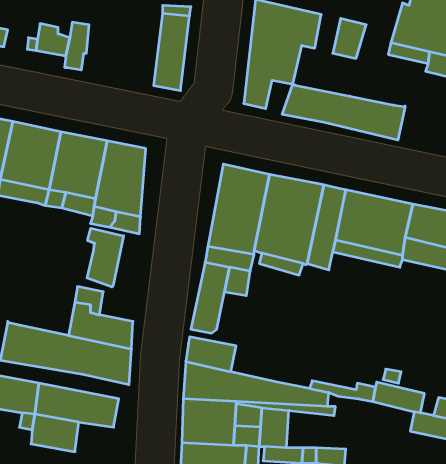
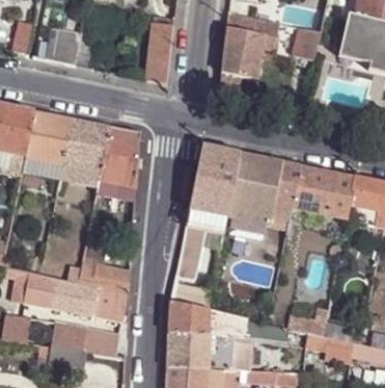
building: [282,84,405,140] -> none
building: [87,228,124,287] -> none
building: none -> [308,333,355,365]

